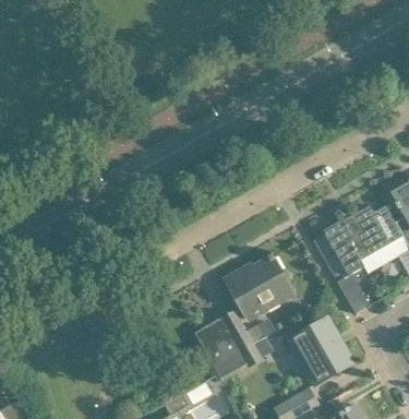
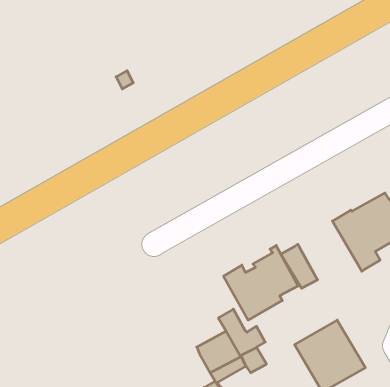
building: [337,273,370,312] -> [281,244,318,288]

